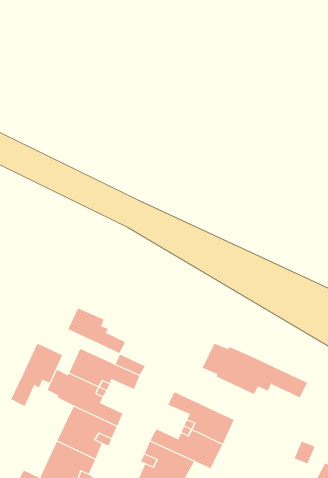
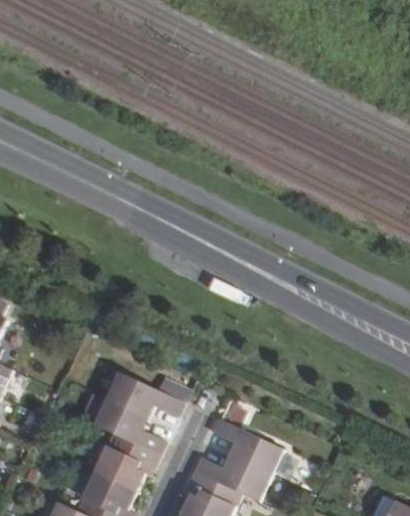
building: [68,307,126,354] -> none
building: [11,343,63,407] -> none
building: [202,343,308,398] -> none

